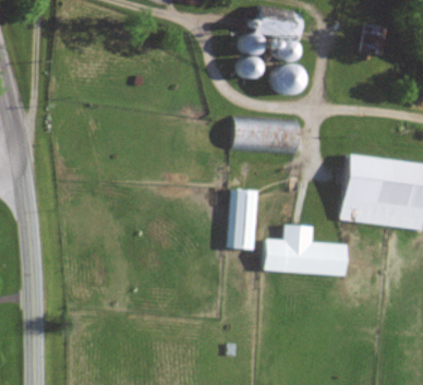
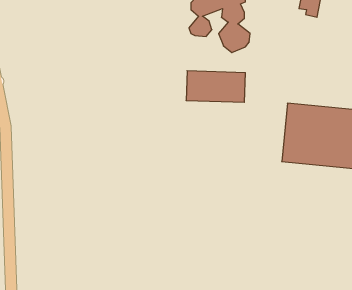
building: [229,190,259,250] -> none
building: [263,225,349,276] -> none

